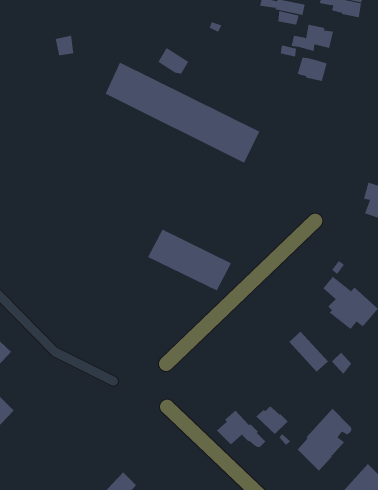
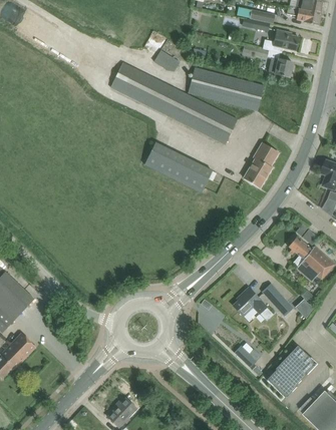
building: none -> [188,67,264,110]
building: none -> [244,142,278,187]
building: [147,229,232,291] -> [143,141,213,192]
building: [216,410,266,448] -> [233,288,274,319]

